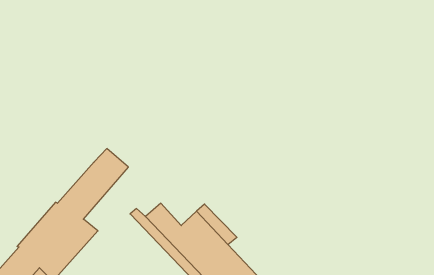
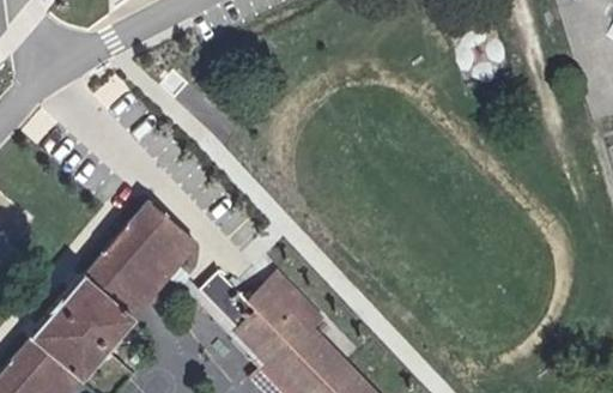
building: none -> [120,229,199,314]

